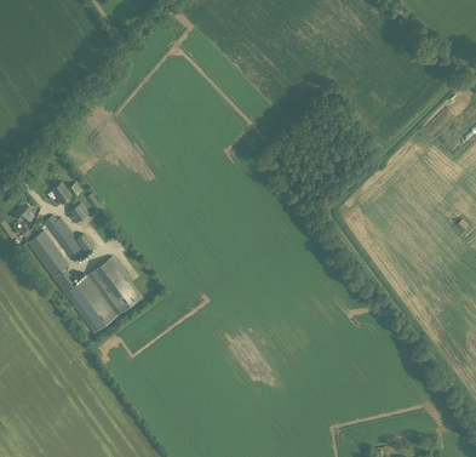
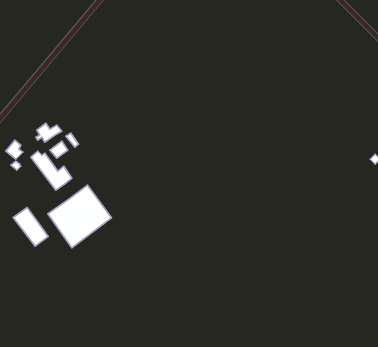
building: [27,230,69,278] -> [13,207,48,246]

